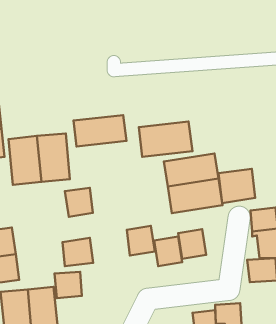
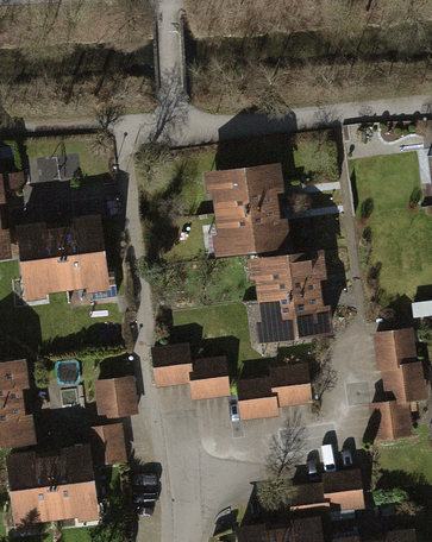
building: [73,115,126,146] -> [205,165,283,212]
building: [219,169,255,203] -> none
building: [65,188,93,217] -> [151,346,193,389]

